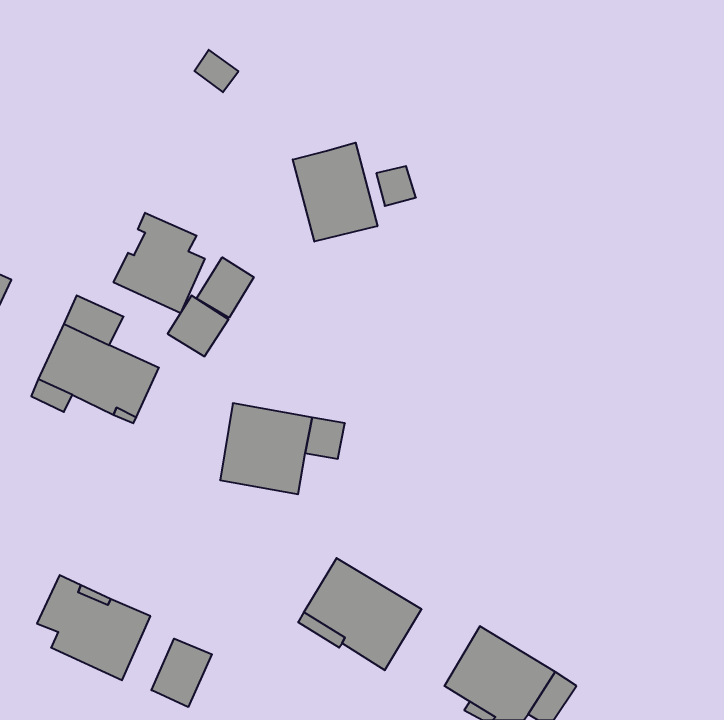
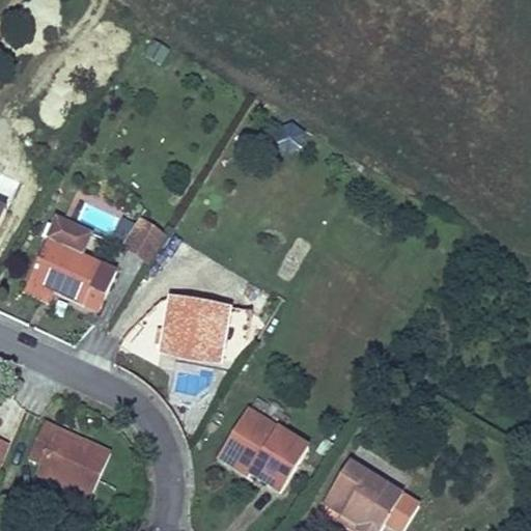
building: [293,143,377,242] -> none
building: [114,213,205,313] -> none
building: [196,257,254,318] -> none
building: [151,639,212,707] -> none

